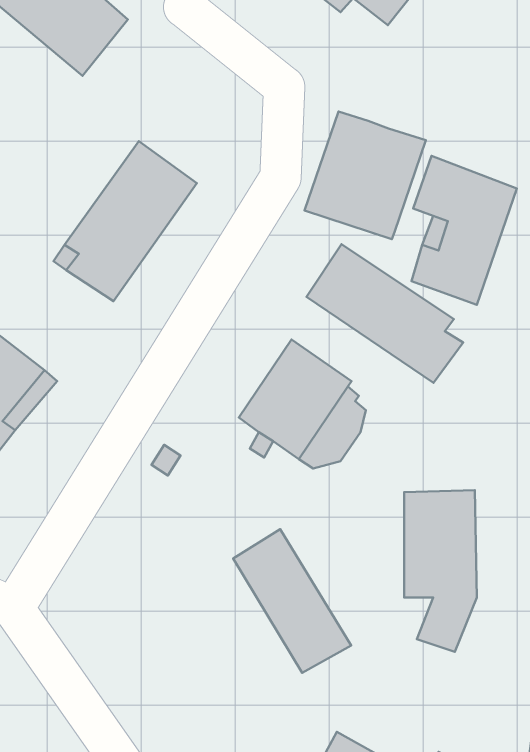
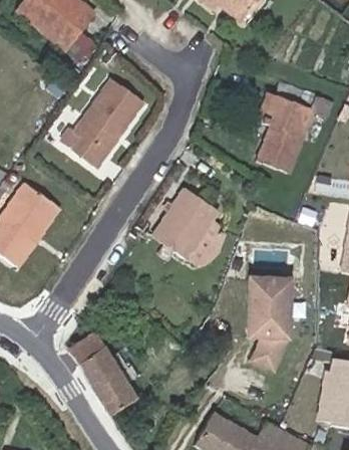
building: [305,112,426,239] -> none
building: [307,244,463,383] -> none
building: [233,529,351,673] -> [70,334,135,414]

